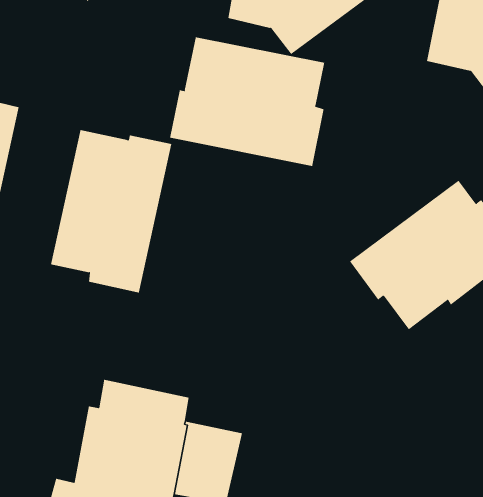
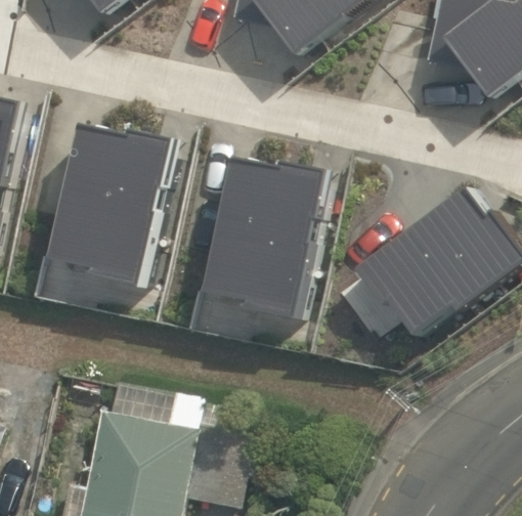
building: [169,36,325,167] -> none
building: none -> [209,166,332,332]

